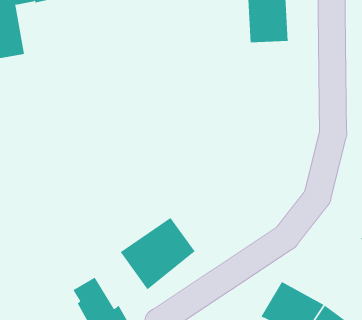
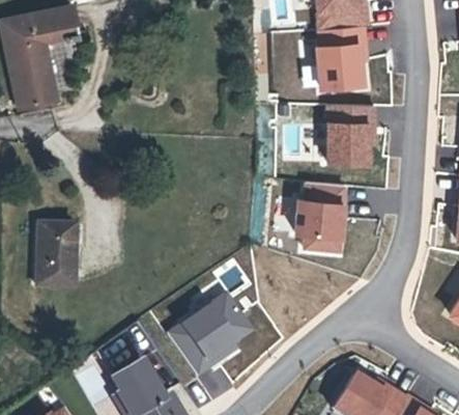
building: none -> [327,103,372,162]
building: none -> [295,185,348,255]
building: none -> [35,224,74,286]

